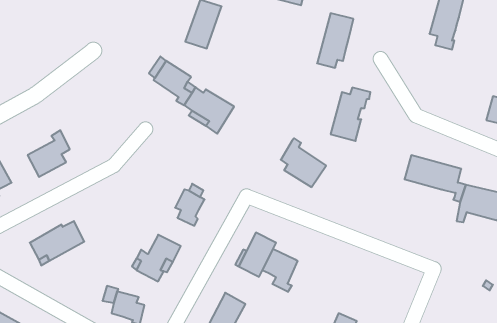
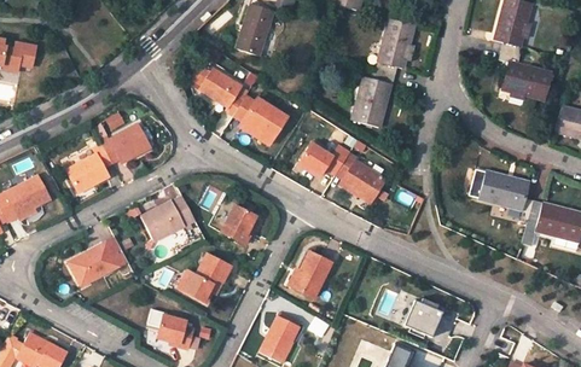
building: none -> [499,52,552,99]
building: [331,88,370,141] -> [353,71,395,128]
building: none -> [100,124,150,162]
building: none -> [300,144,349,176]
building: none -> [141,194,196,241]
building: [262,249,297,292] -> none
building: none -> [407,291,446,331]

